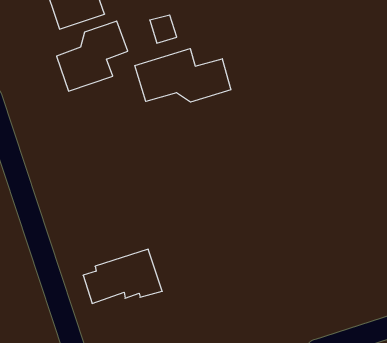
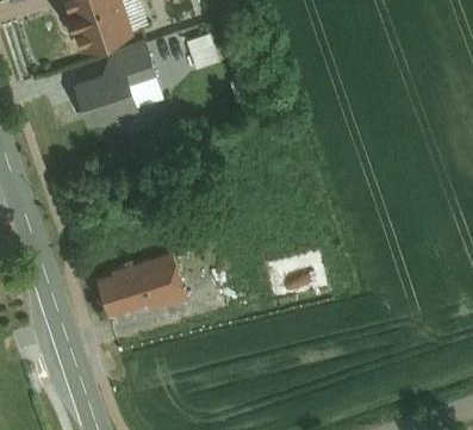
building: [135,49,231,102] -> none
building: [83,249,162,303] -> [97,251,191,316]

